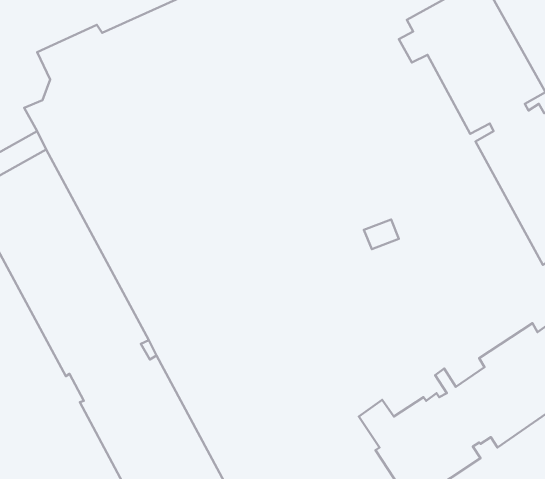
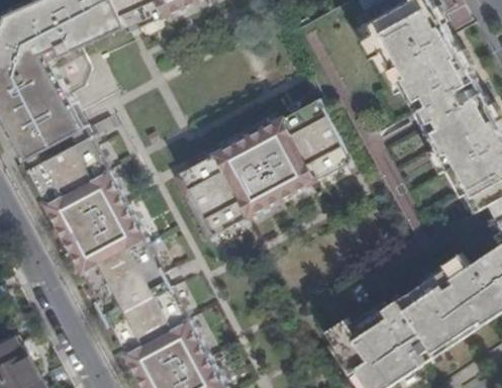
building: none -> [174,96,353,236]

